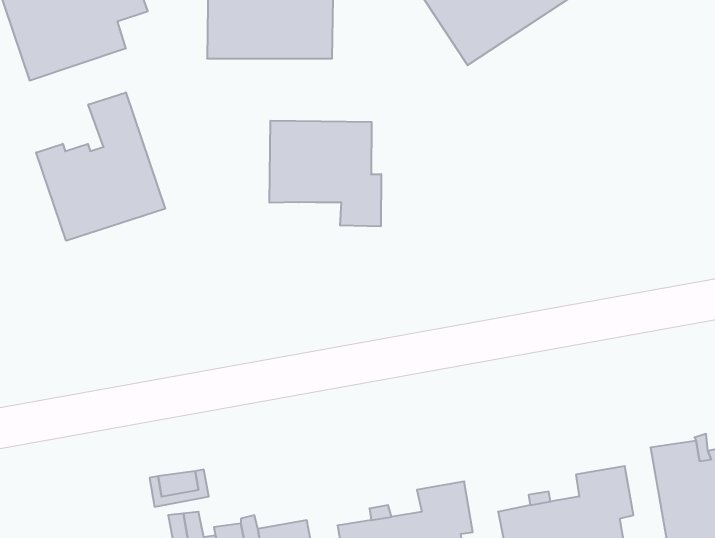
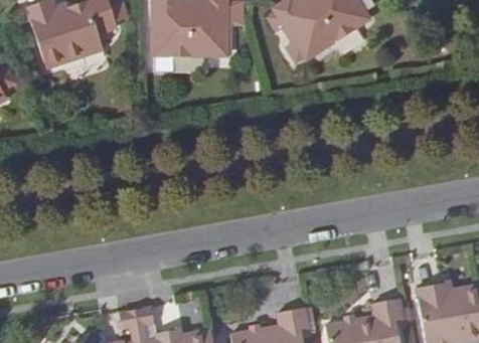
building: [36,92,165,241] -> none
building: [270,121,381,226] -> none

